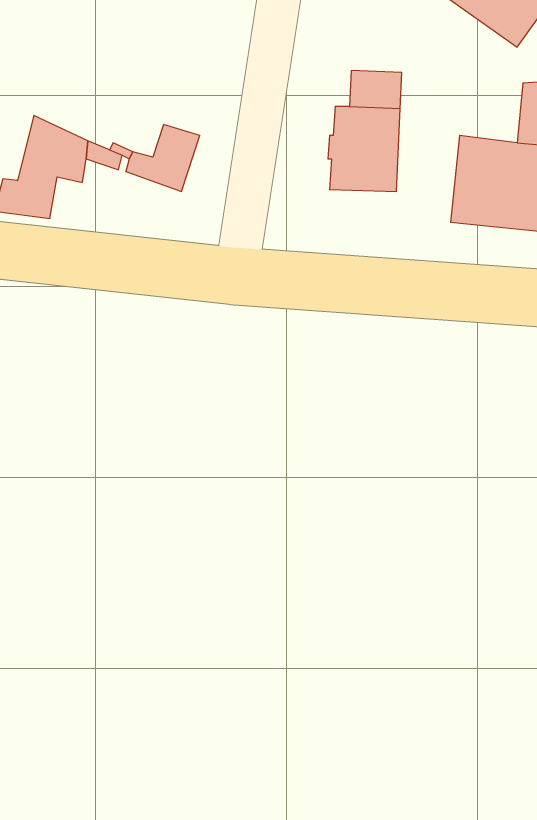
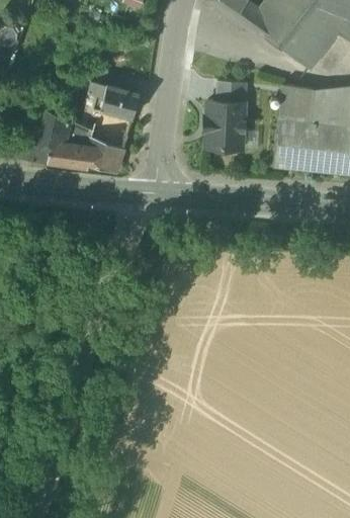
building: none -> [278,85,314,122]
building: none -> [94,86,141,118]
building: none -> [49,139,122,175]

